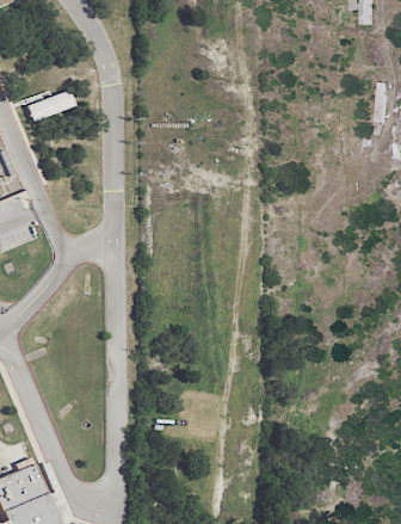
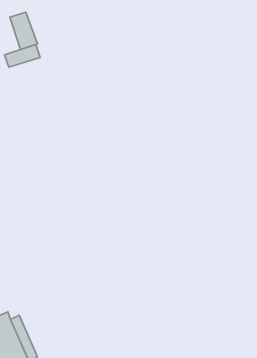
building: none -> [10,12,38,50]

